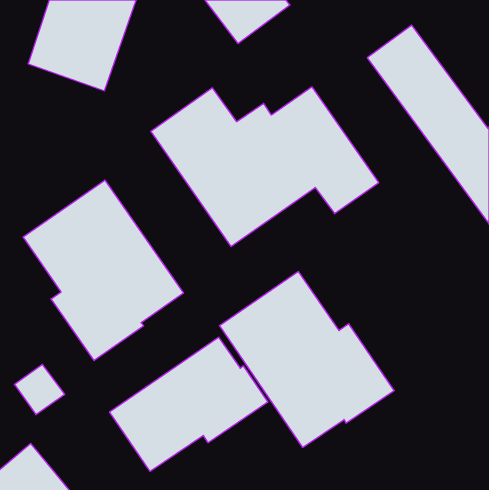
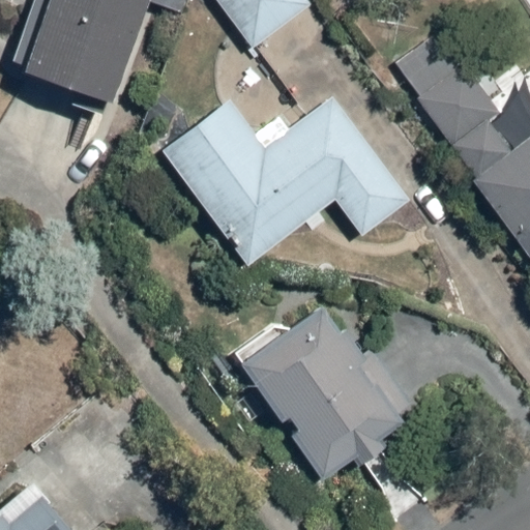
building: [23,180,183,361] -> none
building: [110,337,268,471] -> none

